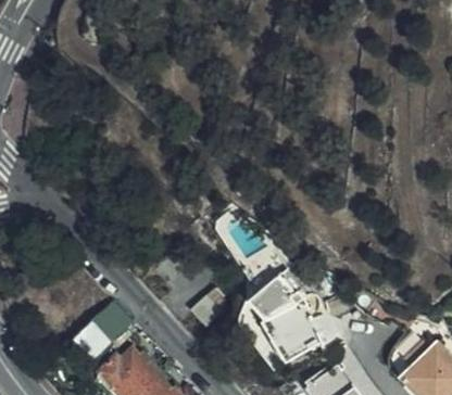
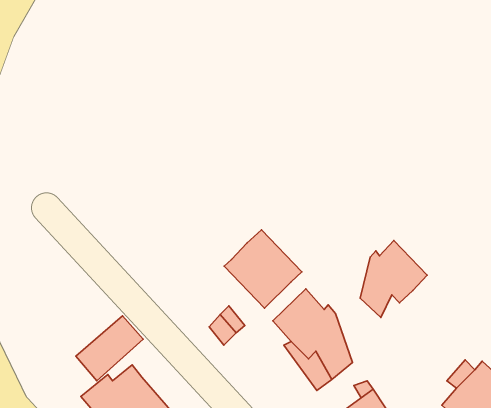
building: none -> [224,230,302,308]
building: none -> [360,240,427,317]

